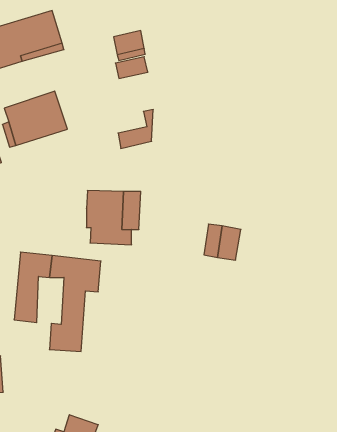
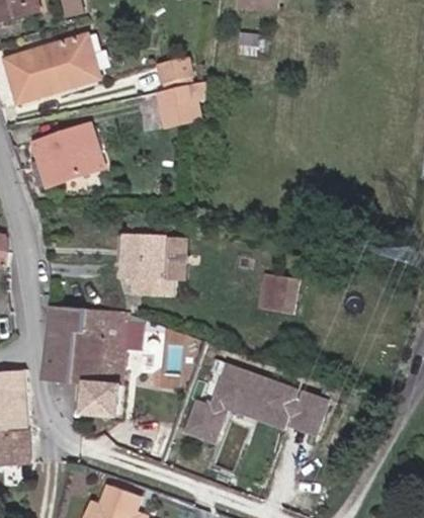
building: [118,110,153,148] -> [161,84,200,127]
building: none -> [69,332,99,385]
building: none -> [188,366,327,437]

